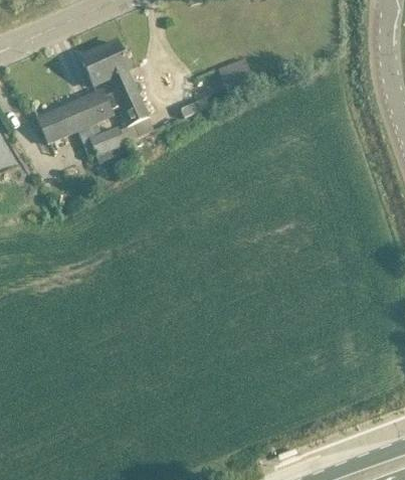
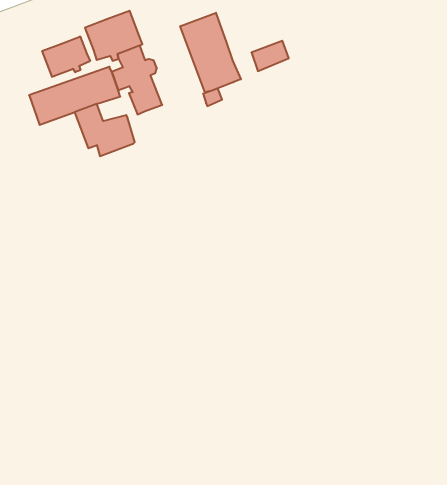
building: none -> [180,13,241,93]
building: none -> [42,36,90,77]

